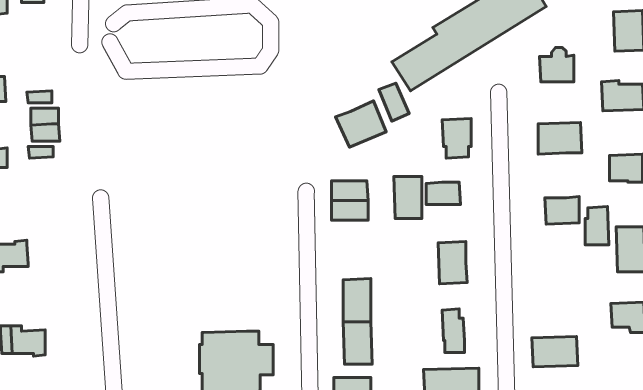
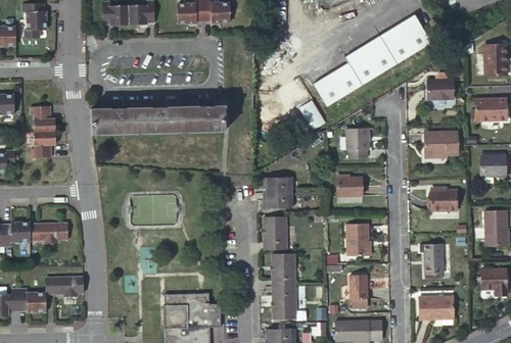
building: none -> [91,104,224,134]
building: [335,101,386,147] -> none
building: [394,176,422,219] -> [265,215,286,248]
building: [585,207,609,245] -> [425,243,444,273]
building: none -> [29,224,65,244]
building: none -> [42,274,82,296]

